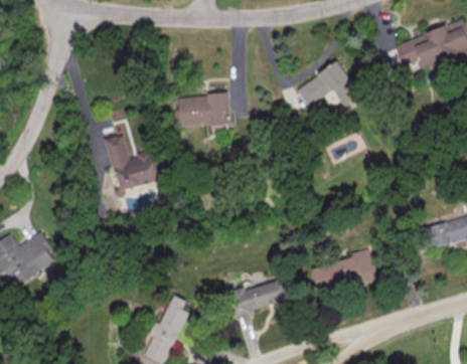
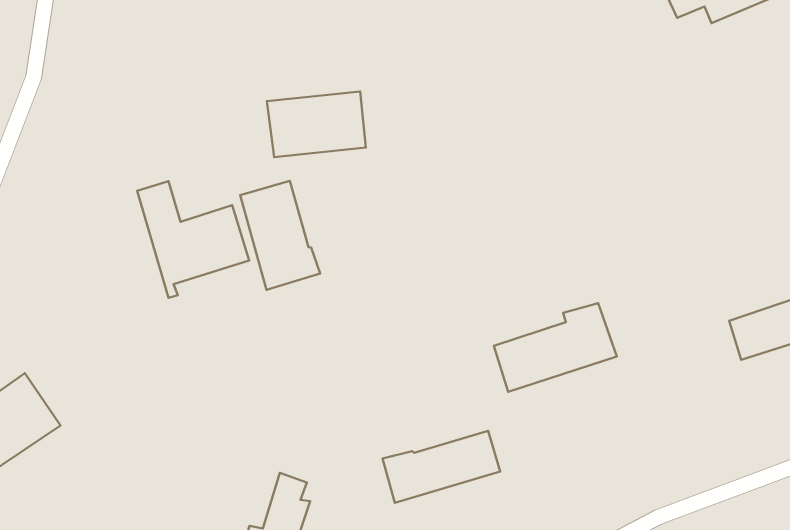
building: [295,60,360,107] -> none
building: none -> [240,181,320,290]
building: [312,248,377,293] -> [494,303,617,392]

